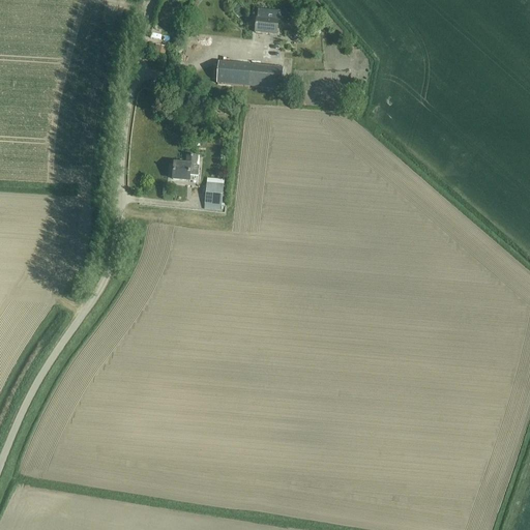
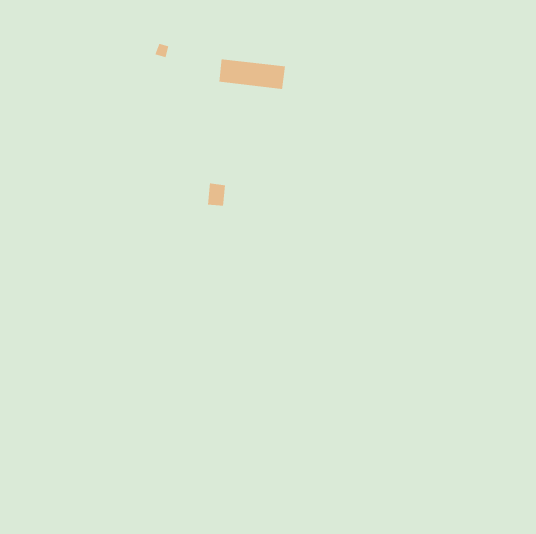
building: [254,7,278,31] -> none
building: [172,153,198,178] -> none

